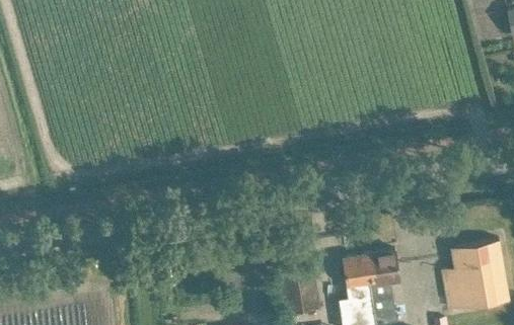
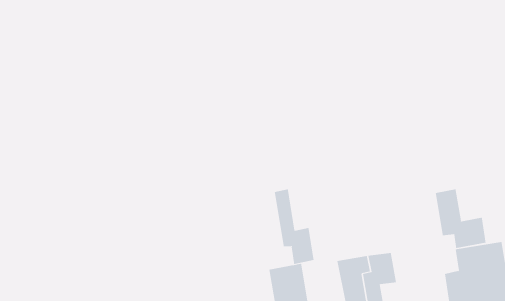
building: none -> [435,188,486,249]
building: none -> [274,189,314,265]

